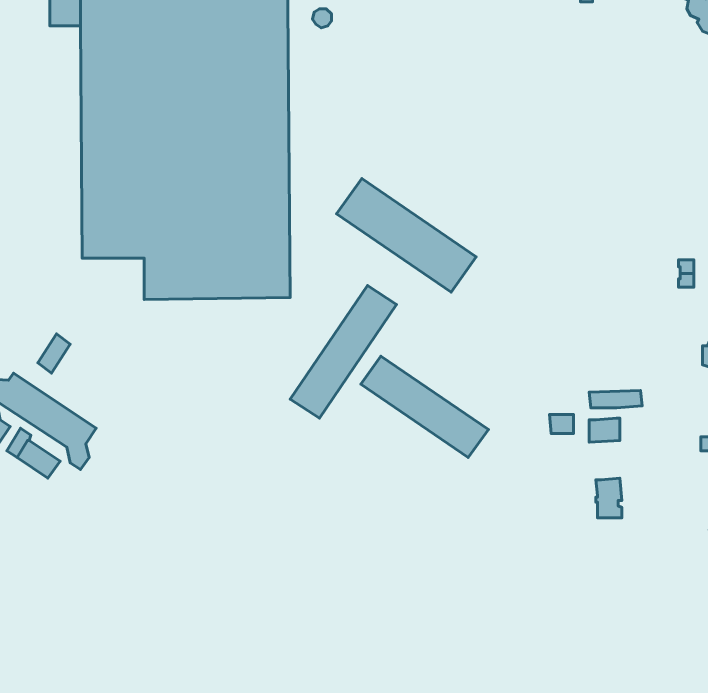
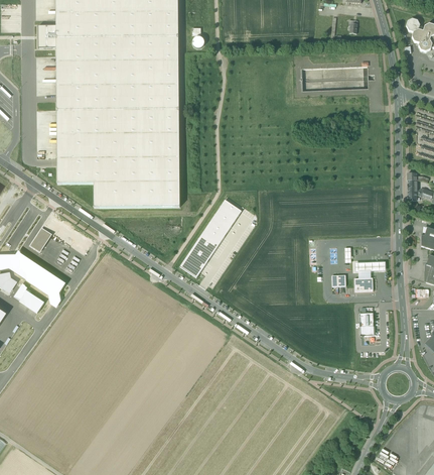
building: [337,179,476,292] -> none
building: [361,356,488,457] -> none

